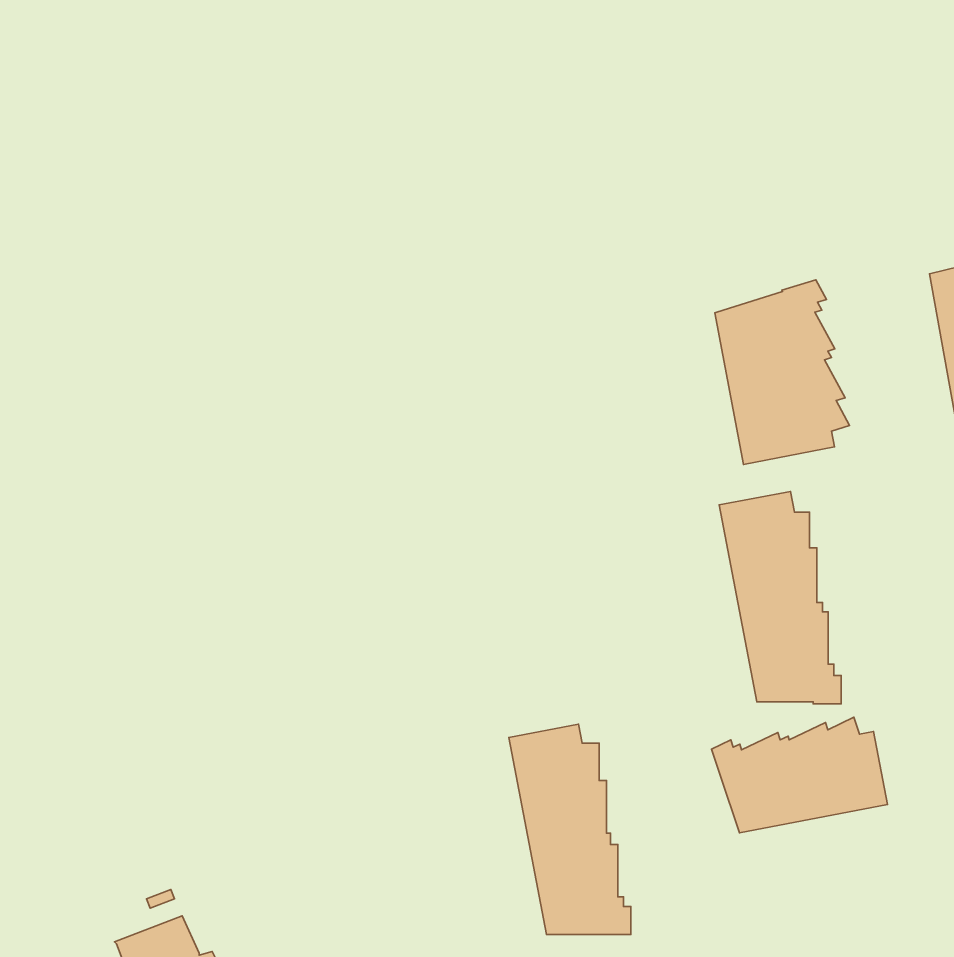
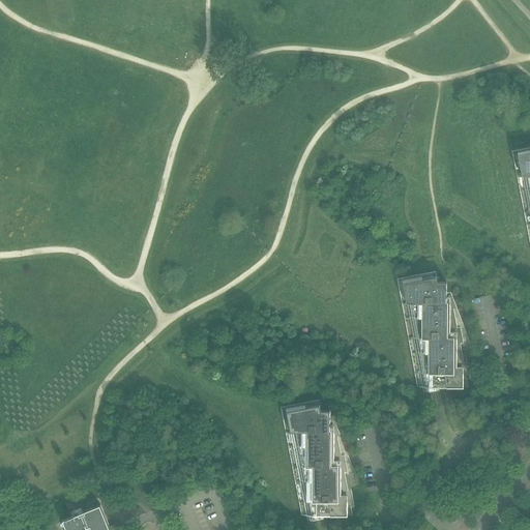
building: [715,280,849,465] -> none
building: [711,717,888,833] -> none

